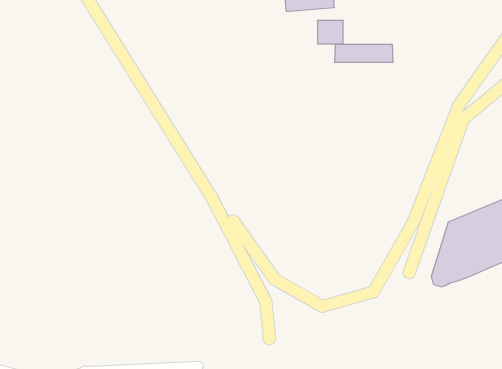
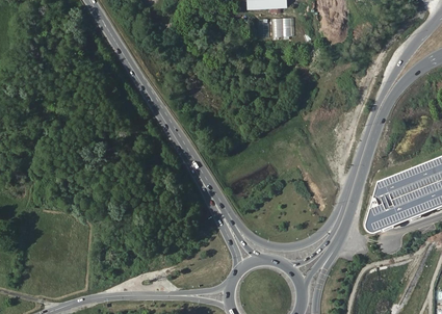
building: [335,44,393,63] -> none

